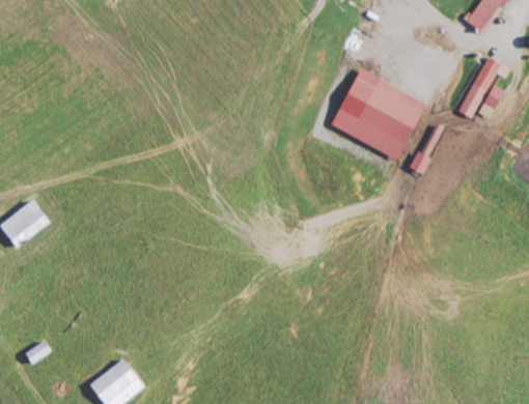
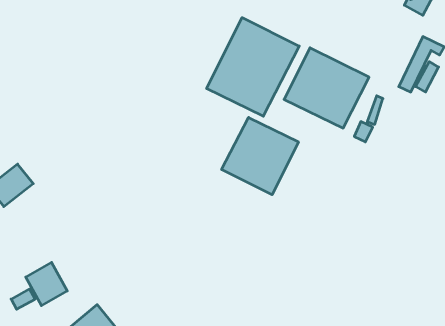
building: none -> [207,18,299,116]
building: none -> [222,117,298,195]
building: none -> [26,262,67,306]

